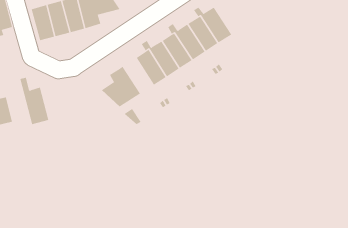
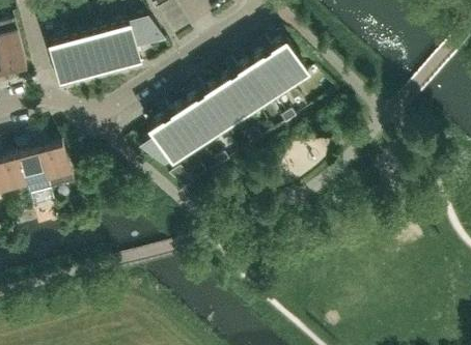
building: none -> [157,106,206,152]
building: none -> [18,134,50,198]

